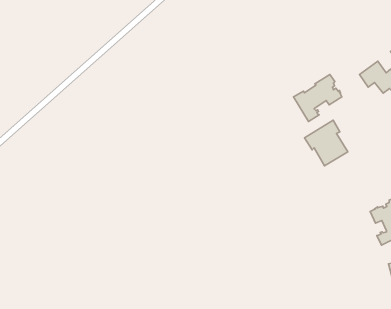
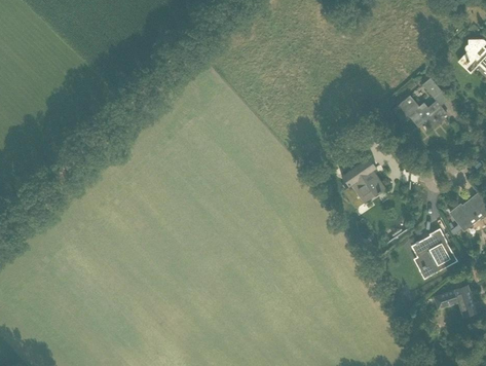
building: [294,74,342,121] -> none

